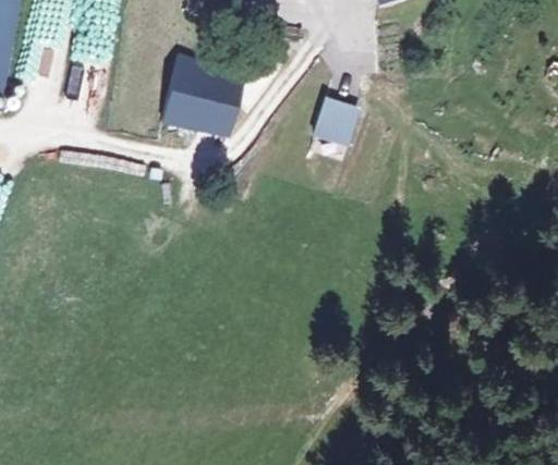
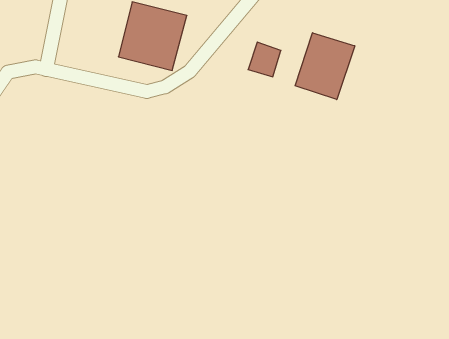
building: none -> [295,33,355,100]

